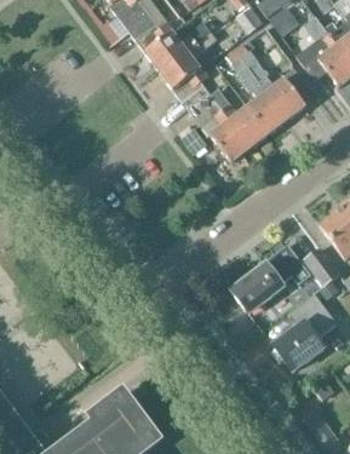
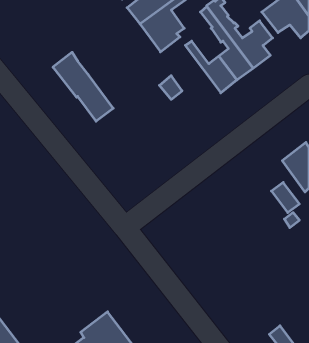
building: [182,84,249,161] -> [53,52,113,121]
building: [231,246,310,311] -> none
building: [272,294,335,369] -> none

